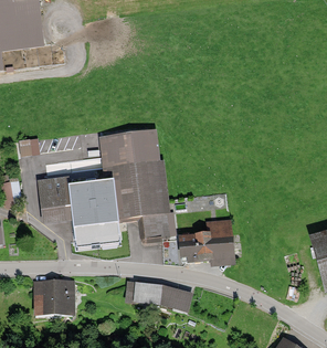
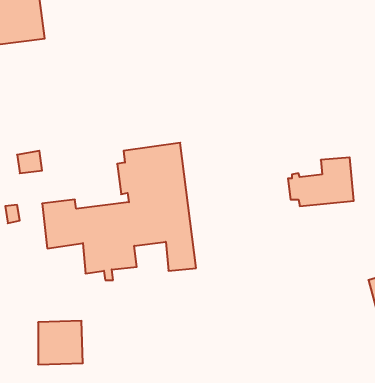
building: [179,220,234,261] -> [288,157,354,206]
building: [126,284,192,312] -> none

